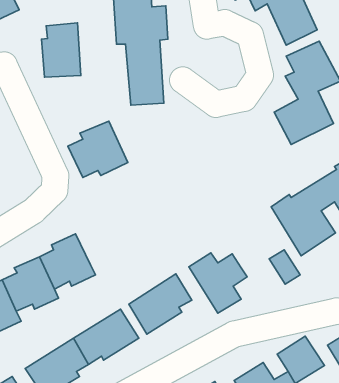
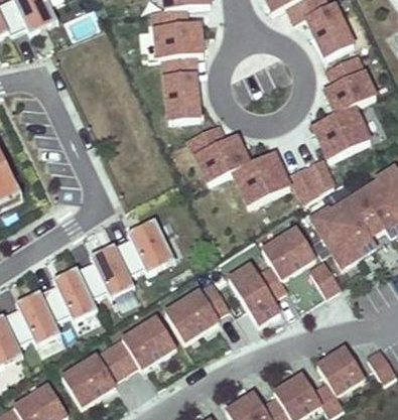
building: [41,23,81,77] -> none
building: none -> [188,122,338,200]
building: [68,121,128,177] -> [113,220,173,276]
building: none -> [260,227,314,279]

